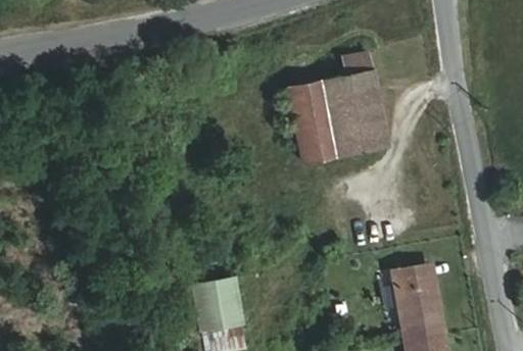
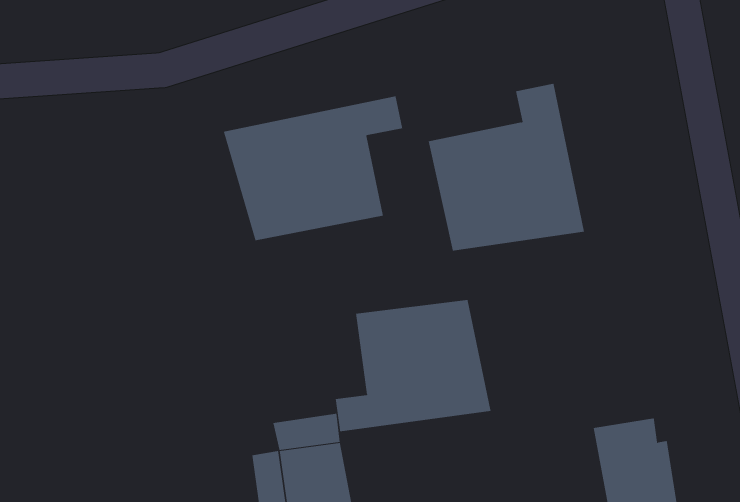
building: none -> [223,96,403,241]
building: none -> [335,299,491,432]

